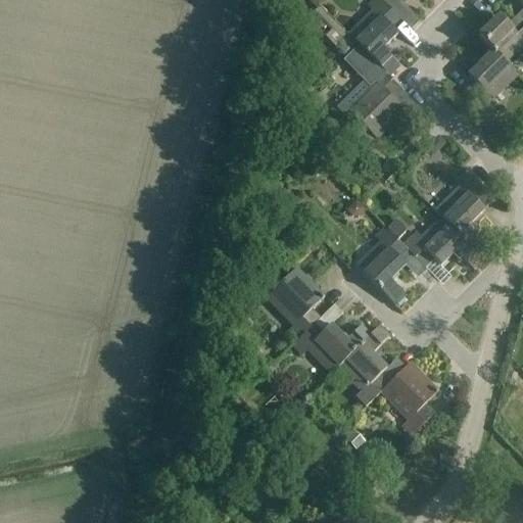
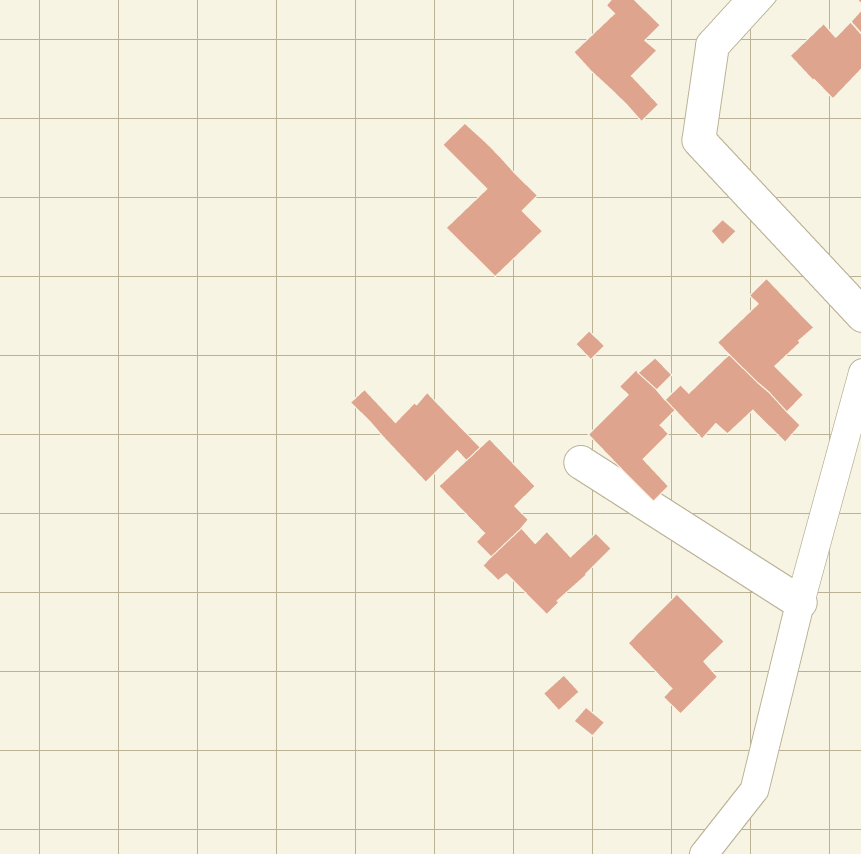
building: [345,43,406,136] -> [443,123,542,277]
building: [466,48,518,111] -> none
building: none -> [351,390,480,482]
building: [338,324,390,403] -> none

